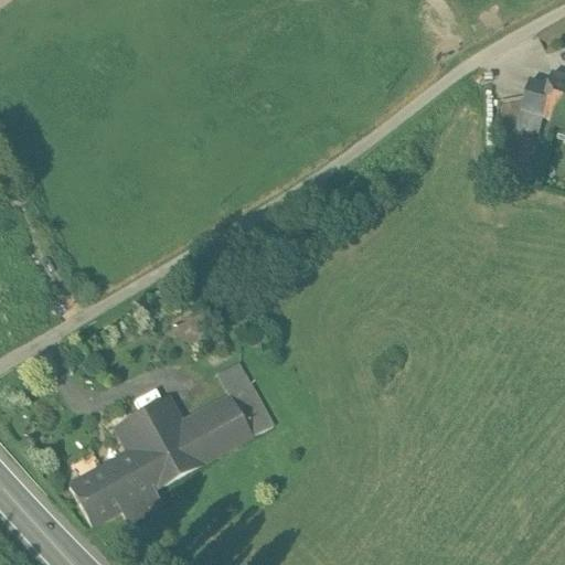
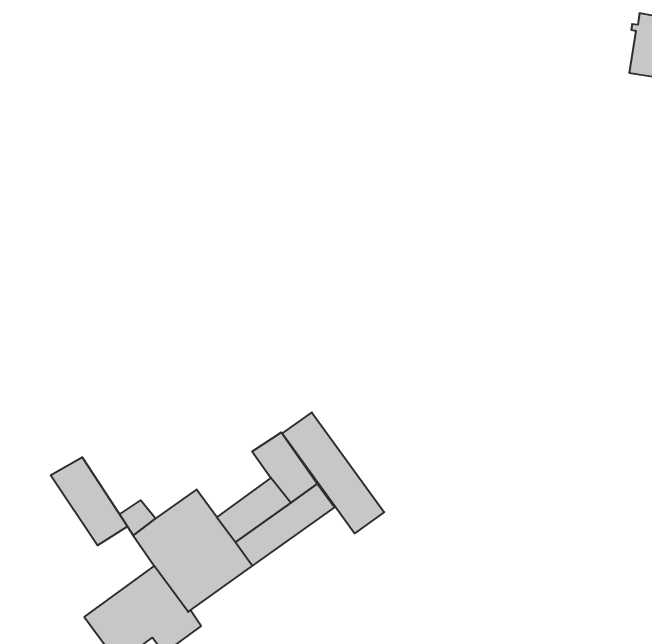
building: [516,78,547,134] -> none
building: none -> [282,412,384,533]
building: none -> [51,457,127,545]

